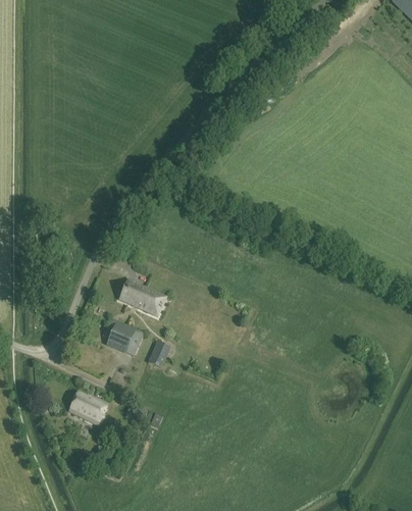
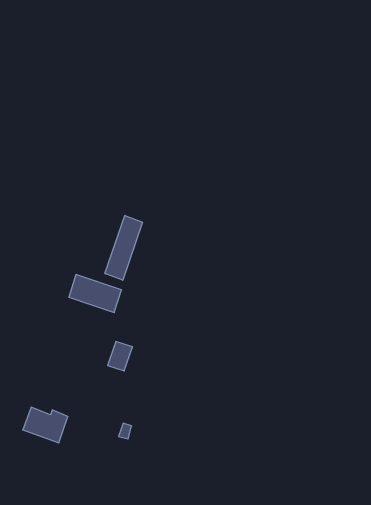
building: none -> [105,215,143,280]
building: [100,318,142,357] -> none

